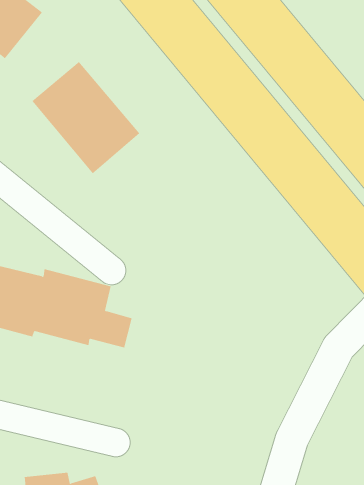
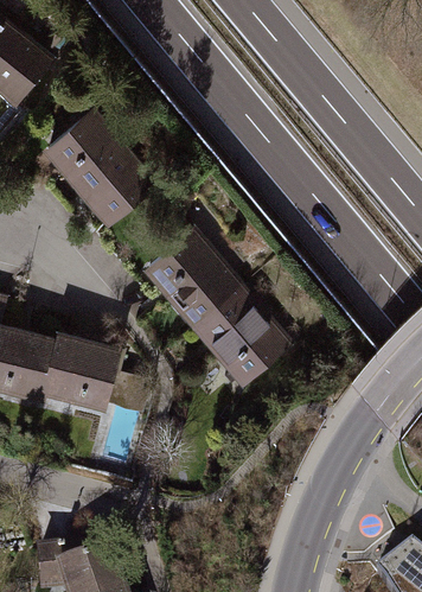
building: none -> [143,227,293,388]

